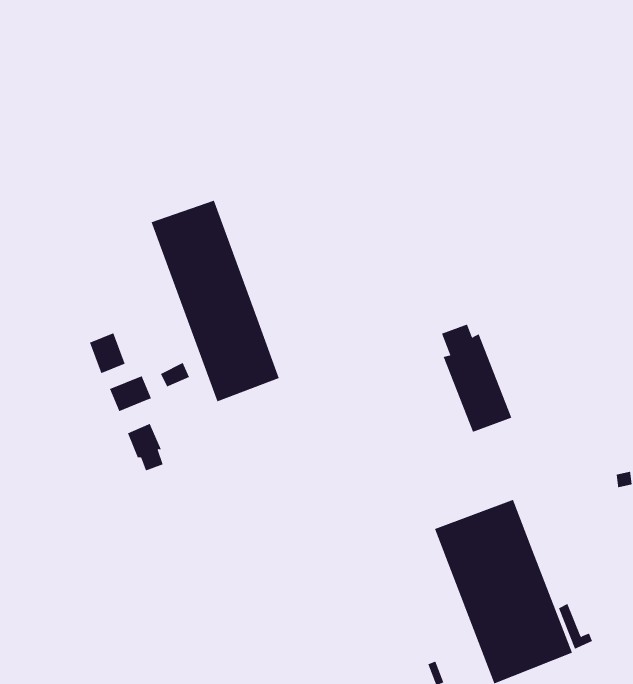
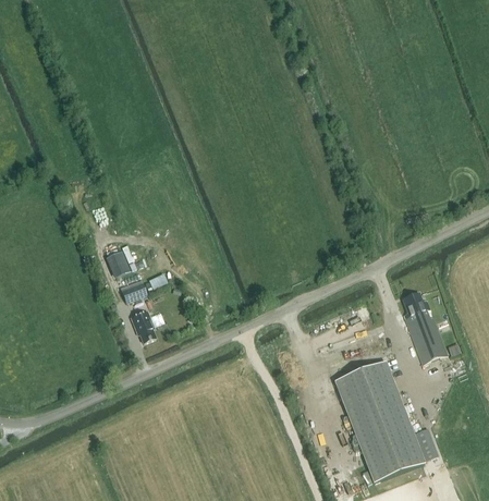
building: [151,200,280,402] -> none
building: [441,324,512,433] -> [401,291,448,363]

